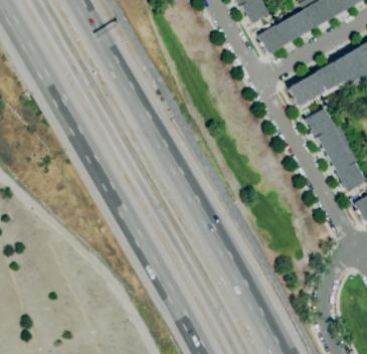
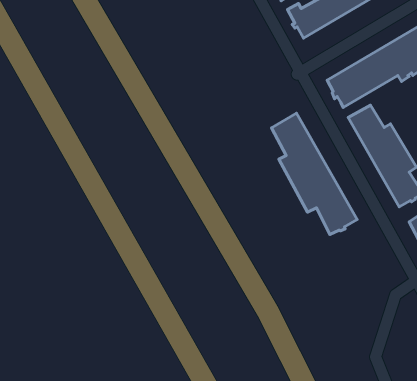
building: none -> [271,113,357,235]

